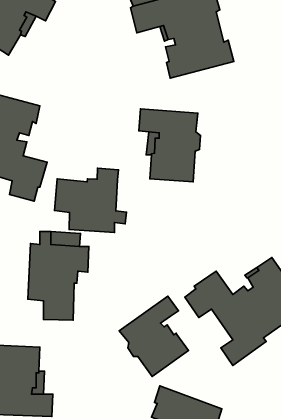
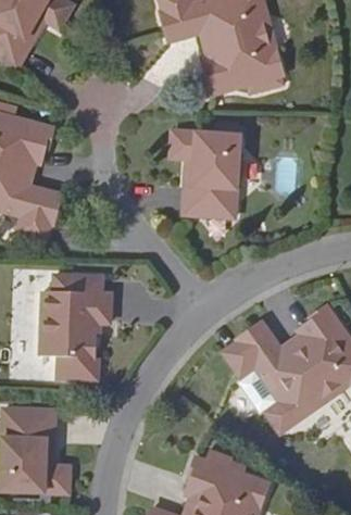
building: [55,168,126,233] -> none
building: [119,296,188,377] -> none

